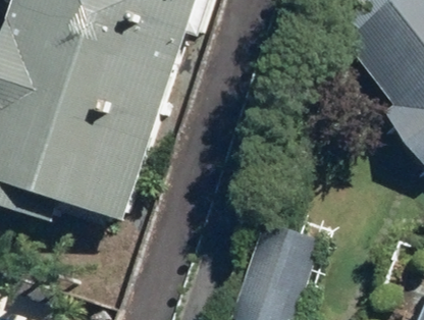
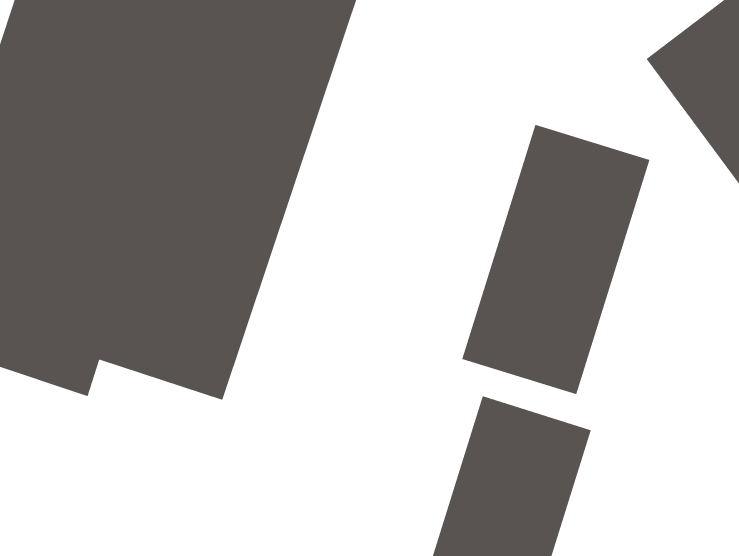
building: none -> [461,124,651,395]

